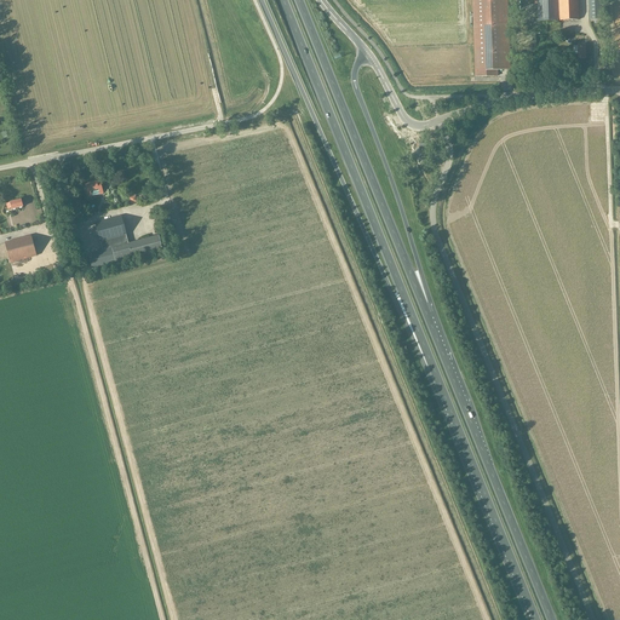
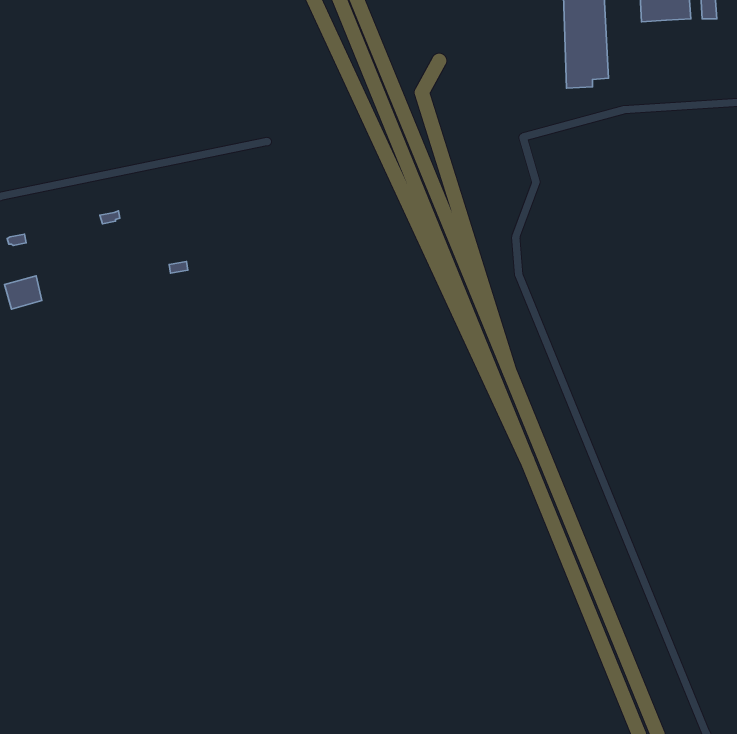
building: [88,212,162,264] -> none

